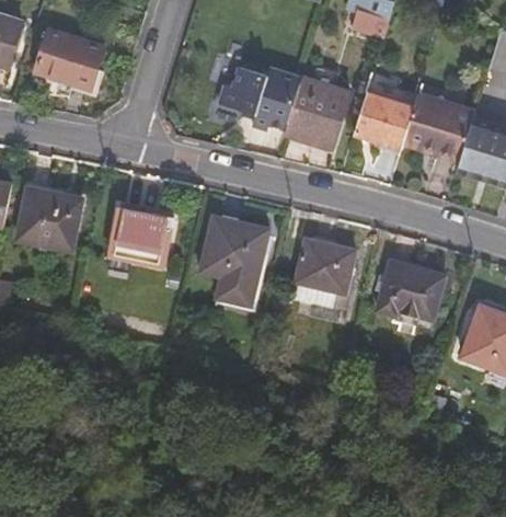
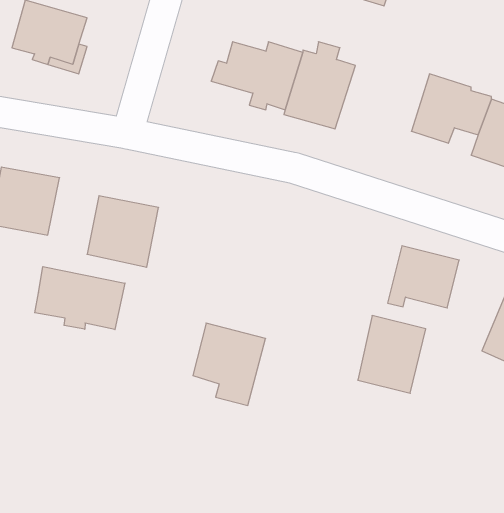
building: [358,82,419,152] -> none
building: [199,216,266,291] -> [193,323,266,405]
building: [291,232,354,303] -> [358,316,426,393]
building: none -> [35,267,125,330]

